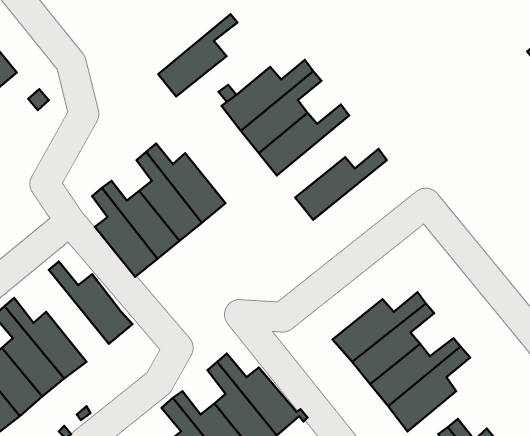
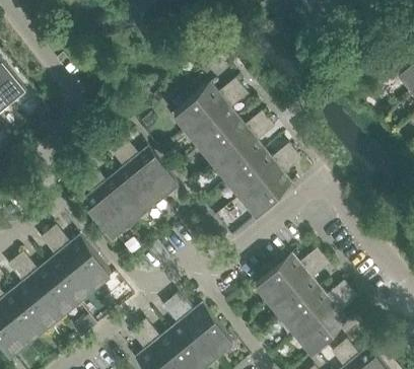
building: [158,14,237,96] -> [215,123,273,182]
building: none -> [242,155,301,216]
building: none -> [42,235,92,302]

